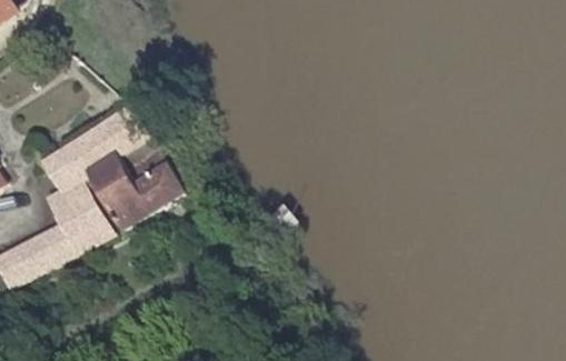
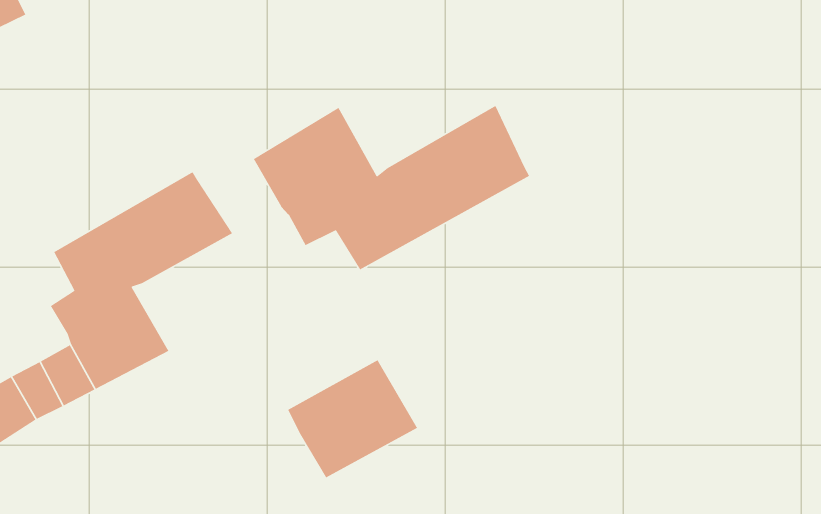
building: none -> [253,105,530,271]
building: [97,156,183,234] -> [287,359,418,479]

